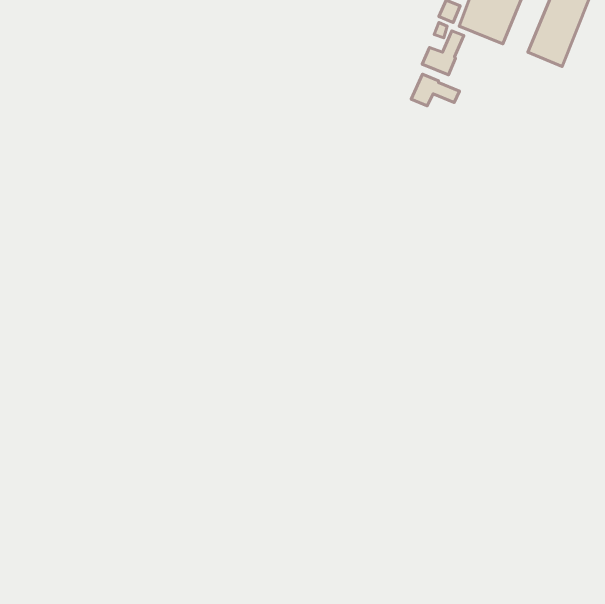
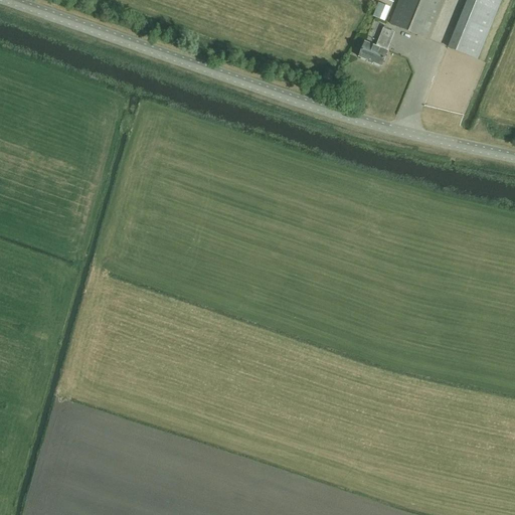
building: [411,74,459,106] -> none

